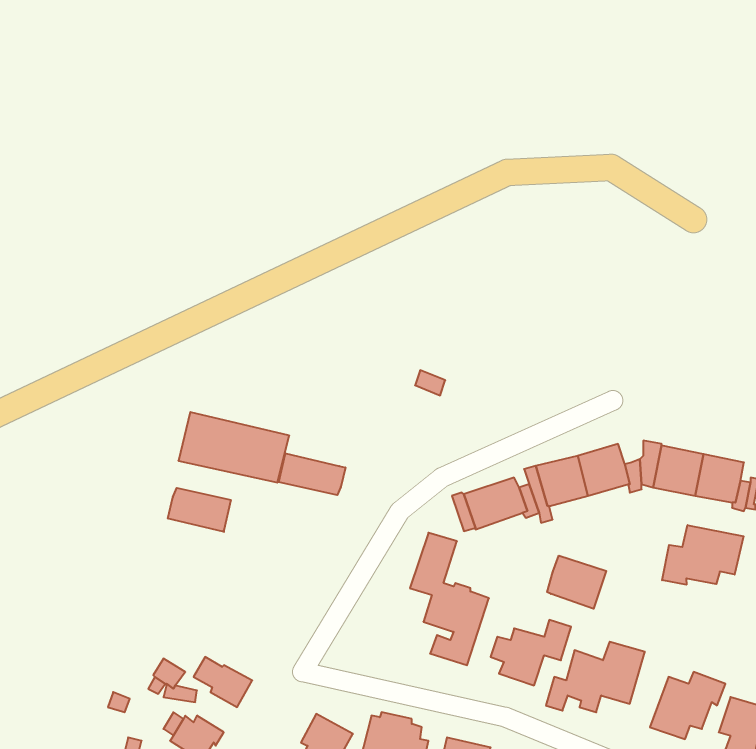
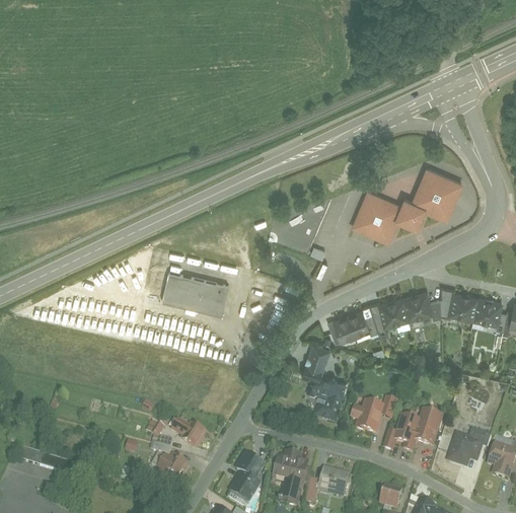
building: none -> [351,167,463,243]
building: [279,453,345,495] -> none
building: [168,488,231,532] -> none
building: [662,525,744,585] -> none
building: [547,556,606,609] -> none

